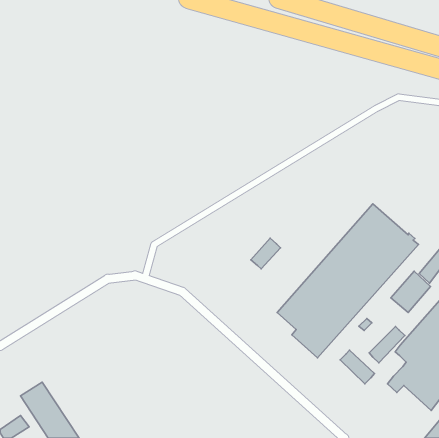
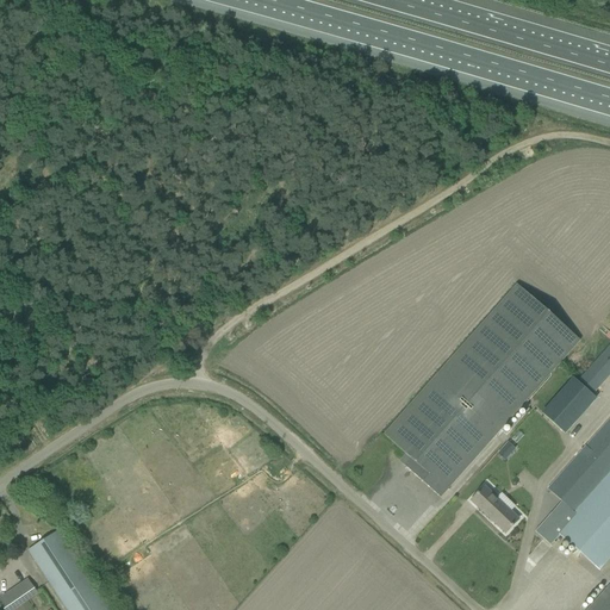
building: [251,238,281,269] -> none
building: [369,327,405,363] -> none

